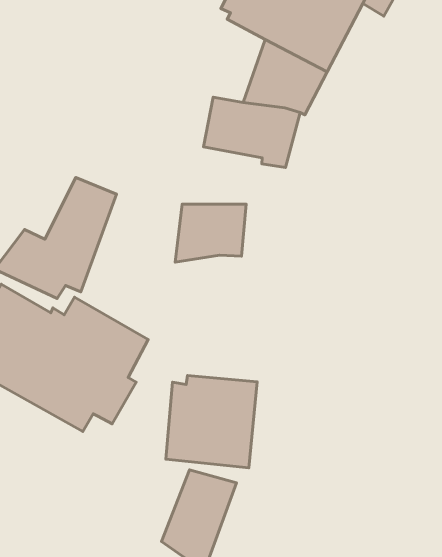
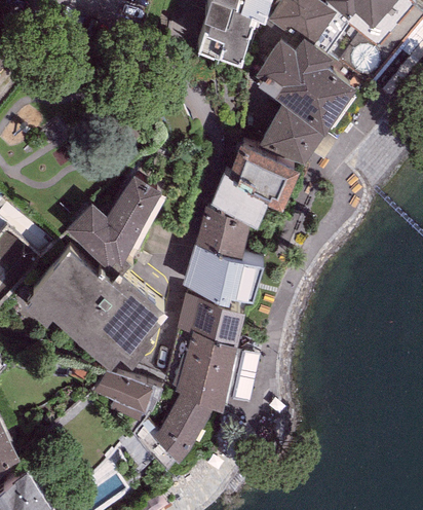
building: none -> [210,168,267,215]
building: none -> [182,248,263,296]
building: none -> [176,298,244,341]
building: none -> [97,375,151,412]

